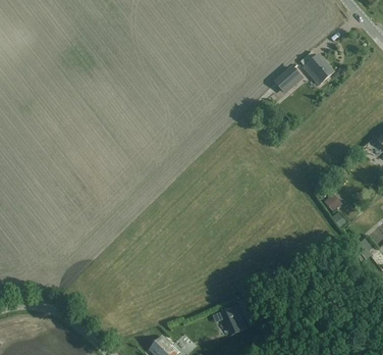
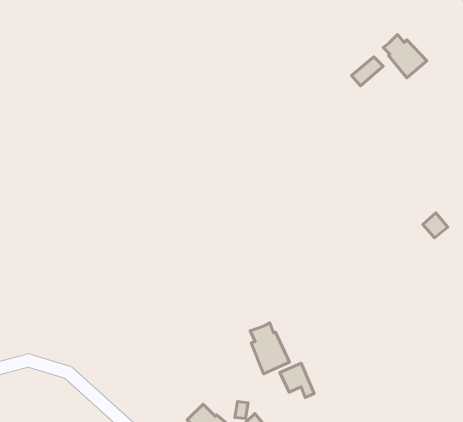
building: none -> [250,323,290,374]

